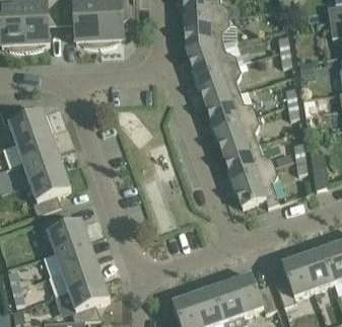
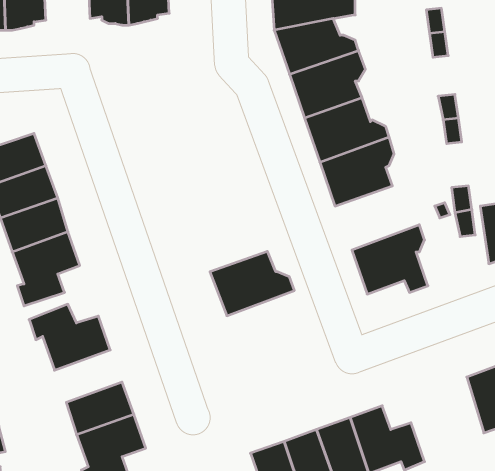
building: [222,143,273,181] -> [210,251,294,316]
building: [54,241,94,272] -> none
building: [274,257,312,306] -> none

